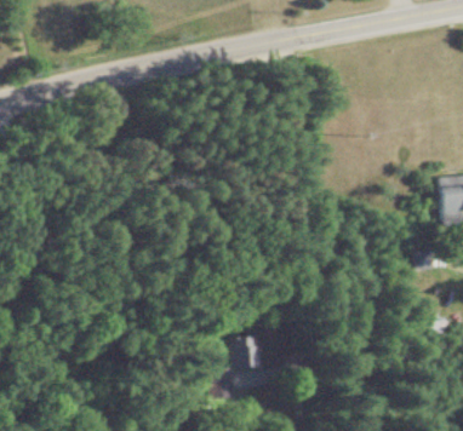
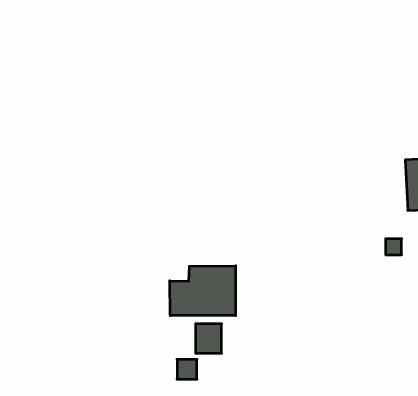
building: none -> [170,266,236,316]

